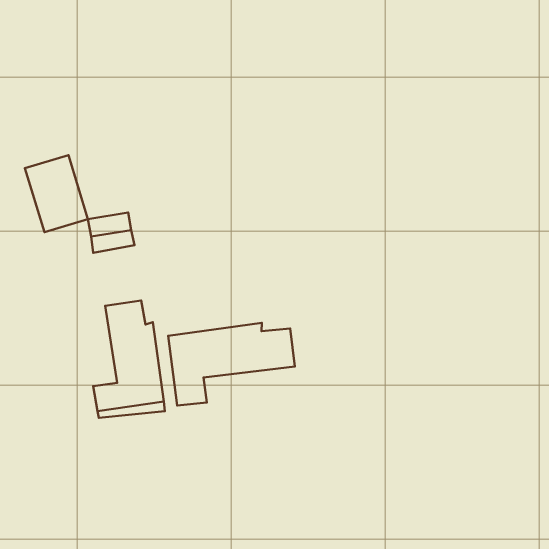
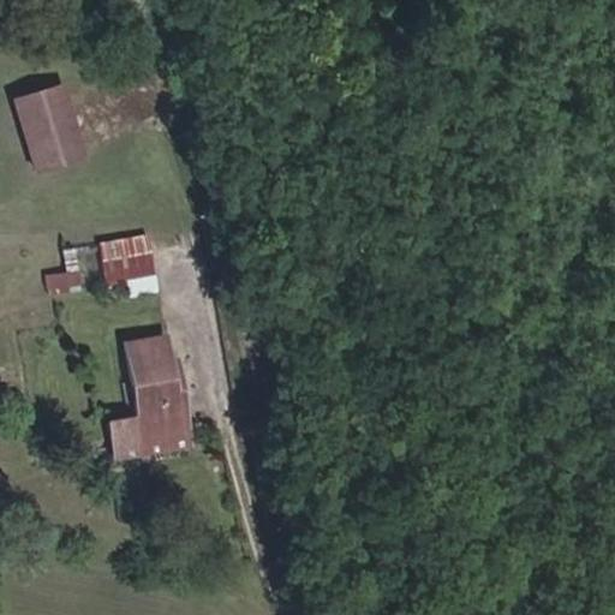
building: [25,155,88,232] -> [17,84,86,169]
building: [168,323,295,406] -> none

